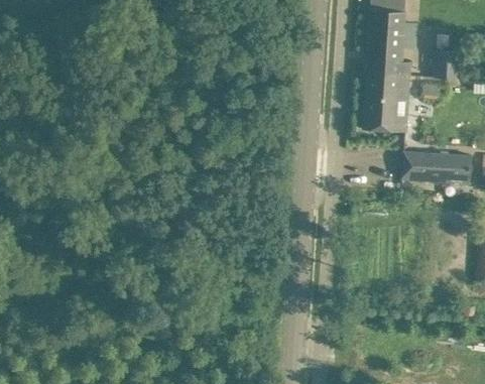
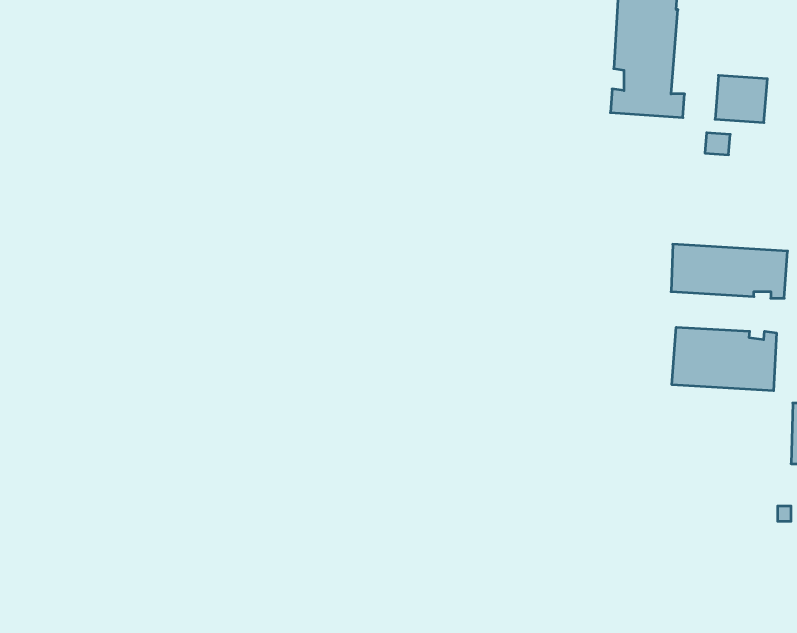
building: [366,73,412,132] -> none
building: none -> [672,327,776,391]

